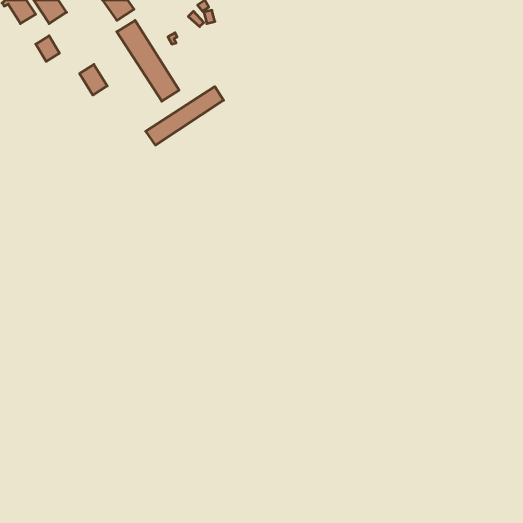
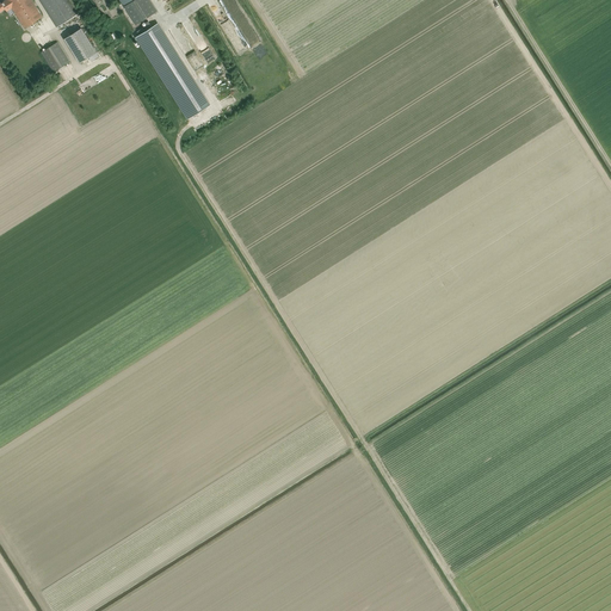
building: [80,64,107,95] -> [64,27,97,63]
building: [146,87,224,145] -> none

